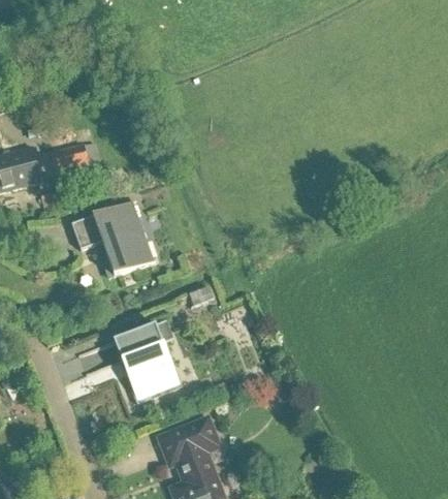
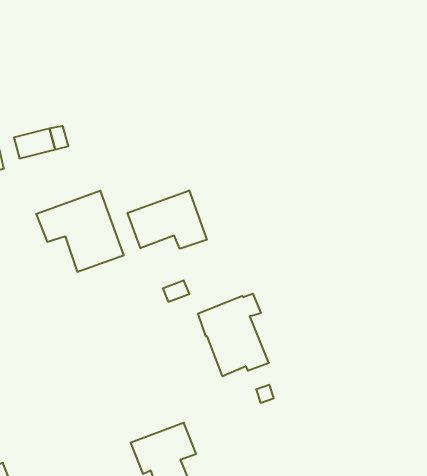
building: none -> [128,190,207,249]
building: [115,321,181,398] -> [198,294,269,376]

